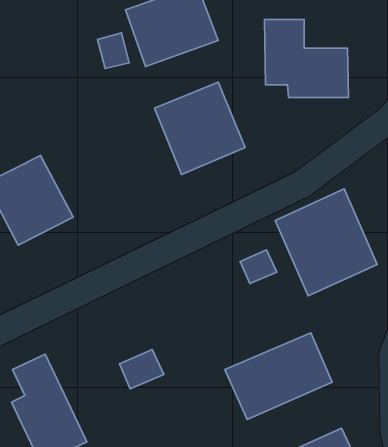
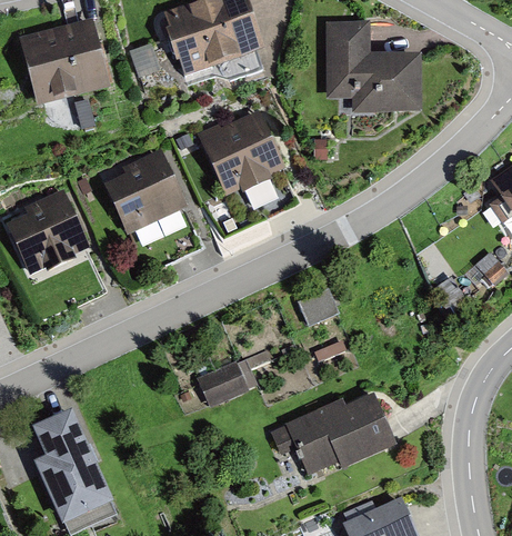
building: none -> [23,11,117,103]
building: none -> [101,150,184,236]
building: [275,189,377,296] -> none
building: [119,349,164,389] -> [194,363,245,408]

